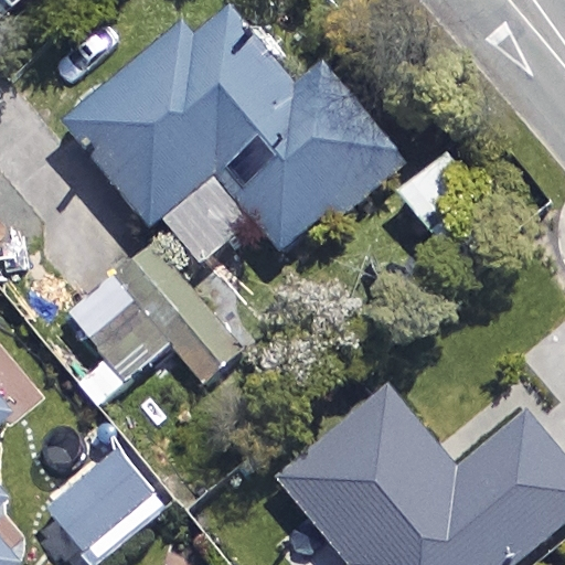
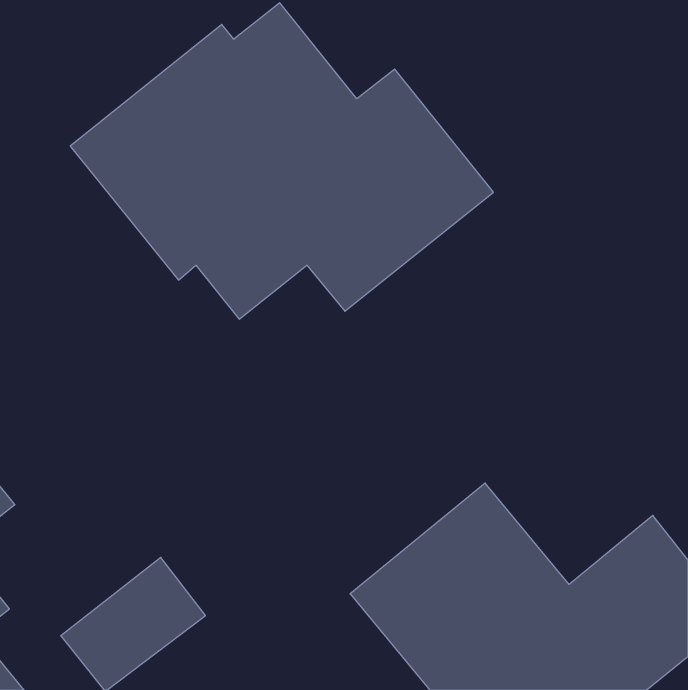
building: [65,238,242,405] -> none

